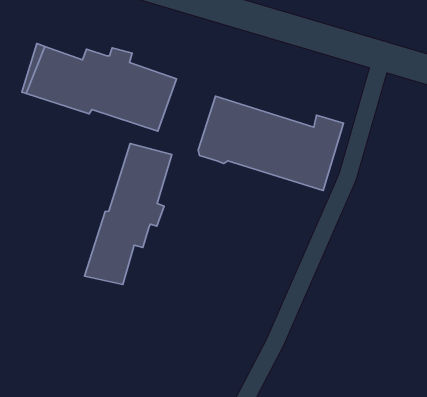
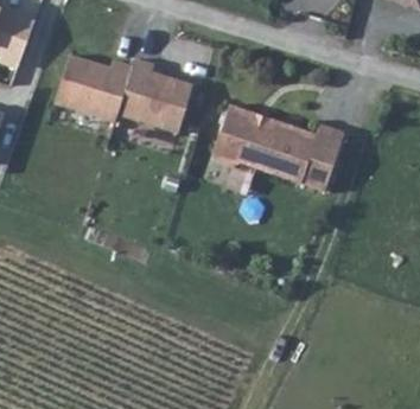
building: [84,143,172,285] -> none

